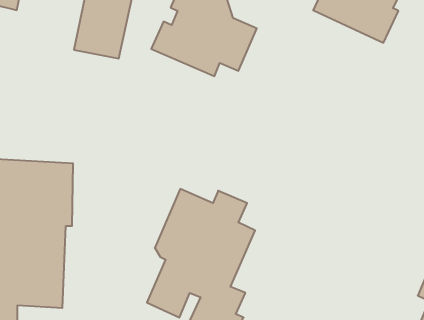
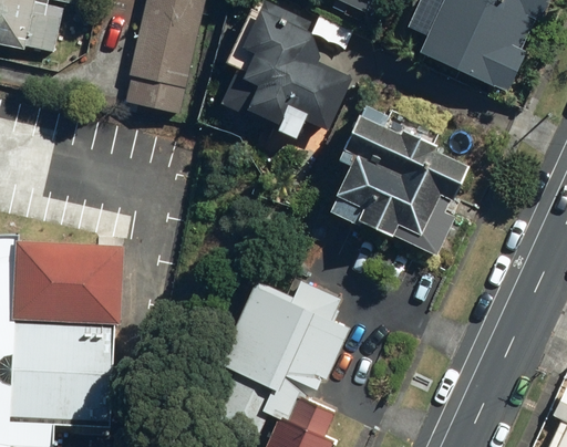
building: none -> [331,97,472,256]

